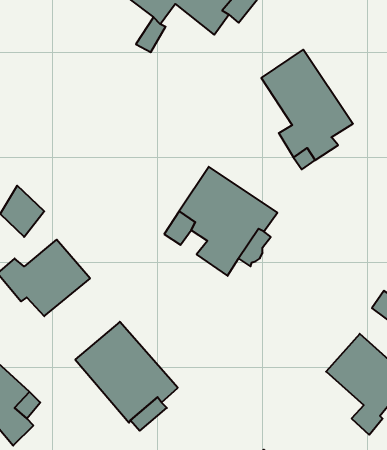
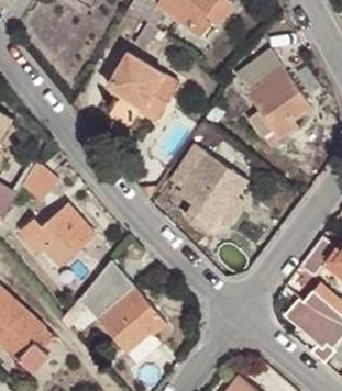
building: none -> [107,52,178,122]

